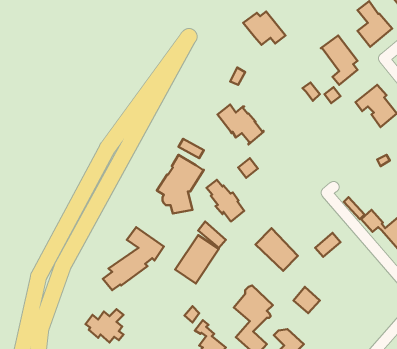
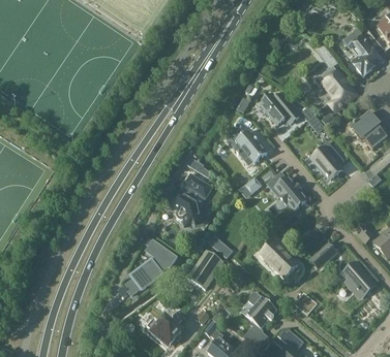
building: [243,12,286,45] -> [261,94,299,124]
building: none -> [312,141,344,180]
building: [206,180,244,221] -> [272,172,306,209]
building: none -> [343,262,376,293]
building: [86,309,123,342] -> [148,314,182,344]

